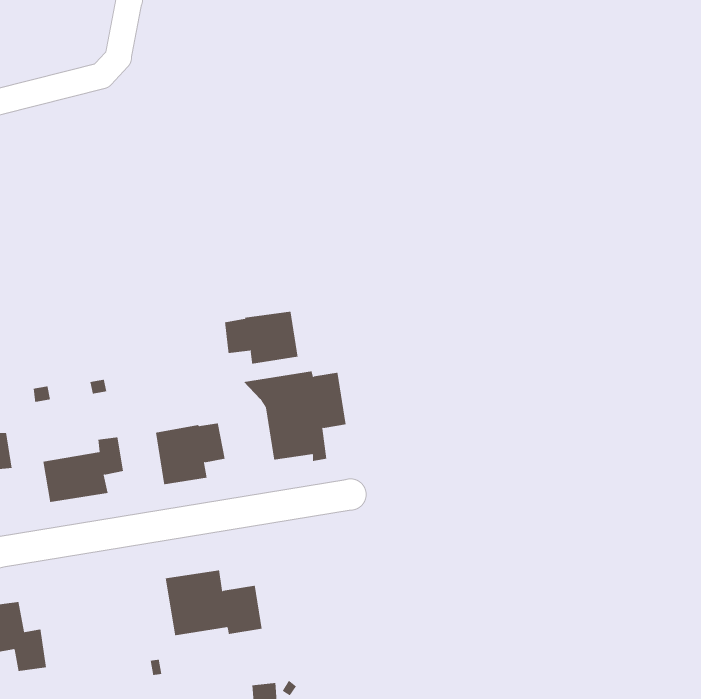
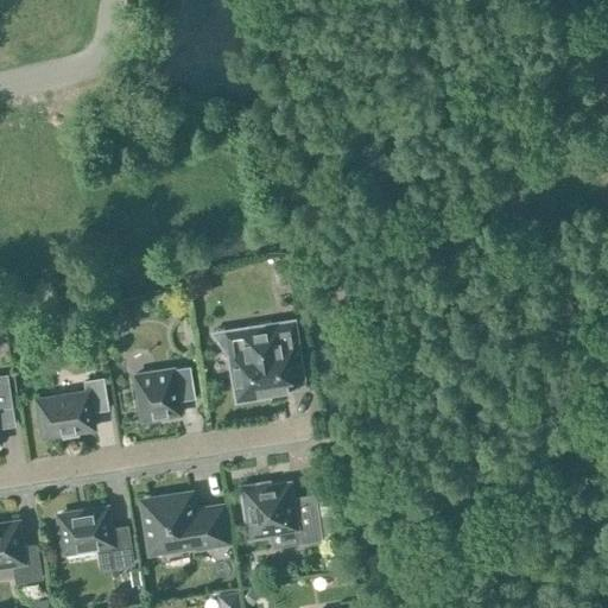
building: [224,311,298,365] -> none
building: none -> [239,483,321,544]
building: none -> [58,508,132,570]

